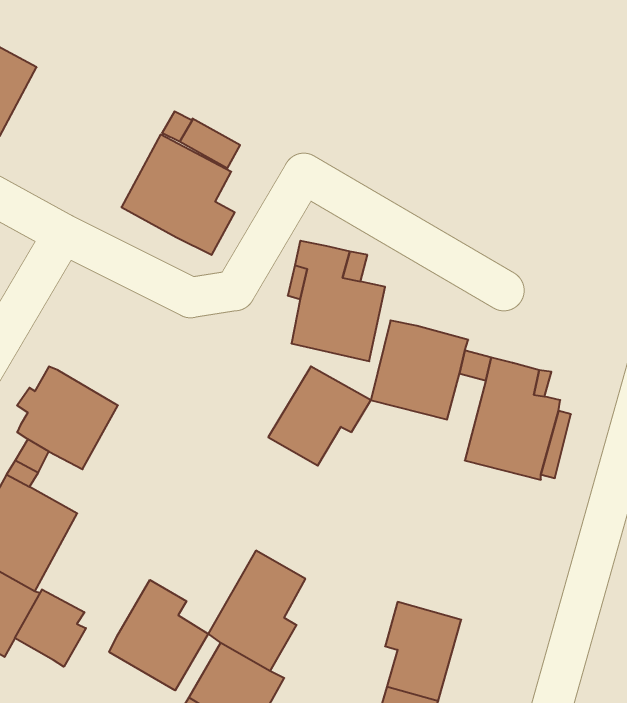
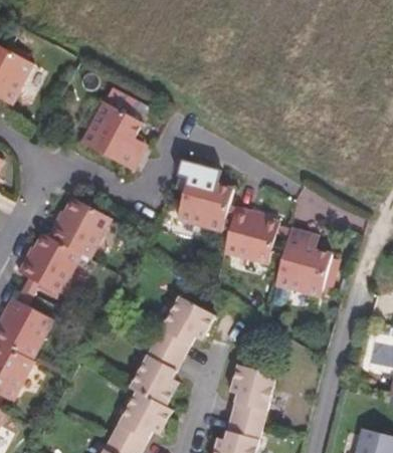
building: none -> [44,197,109,259]
building: [268,366,371,466] -> [157,297,215,354]
building: [109,580,208,690] -> none
building: [15,589,86,667] -> none

